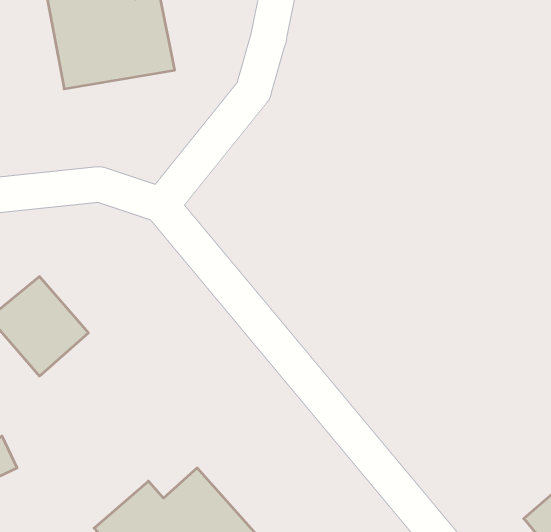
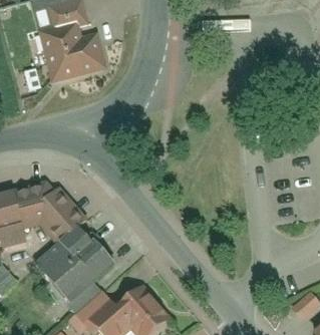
building: none -> [19,220,102,302]

